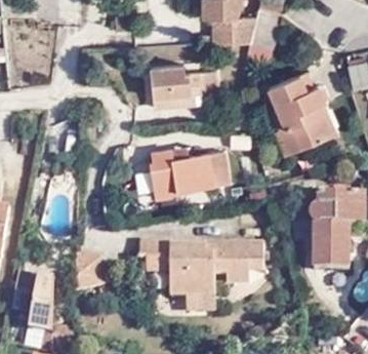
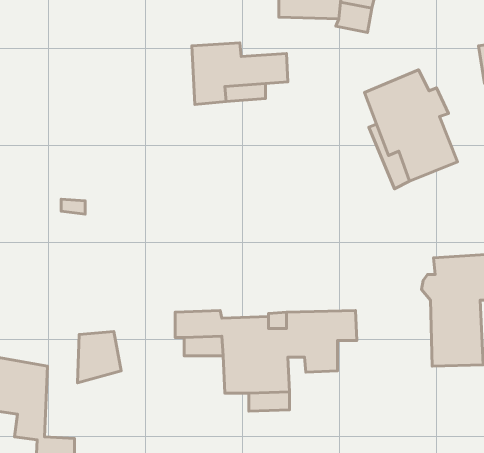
building: [145,142,222,191] -> none

